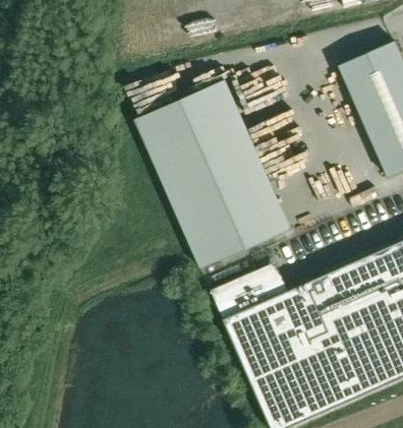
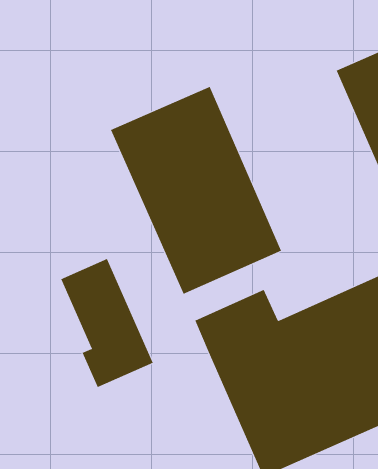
building: none -> [60,258,154,388]

